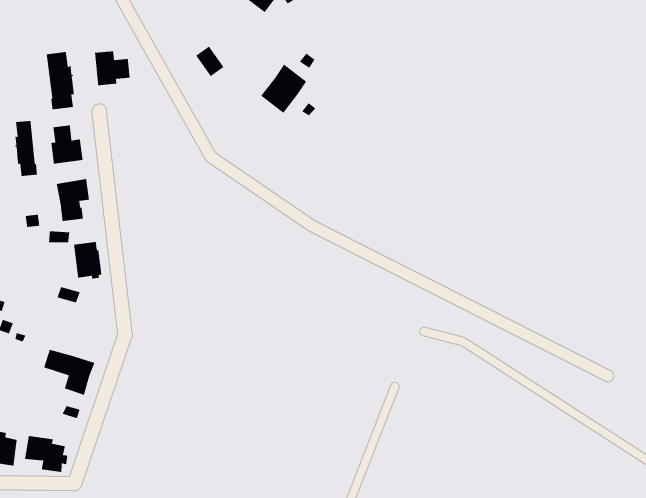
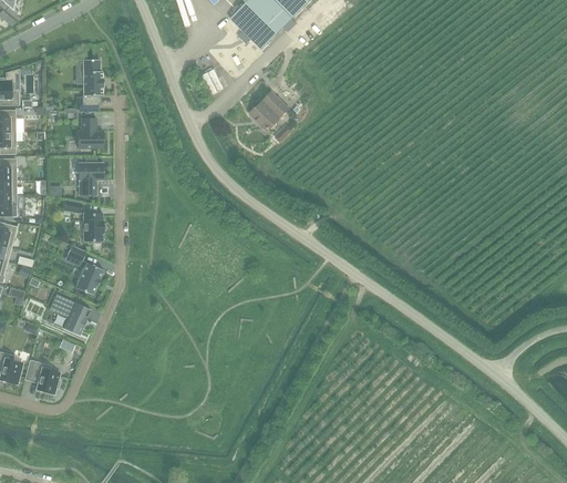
building: [94,50,130,86] -> none
building: [14,120,38,177] -> none
building: none -> [74,261,102,294]

